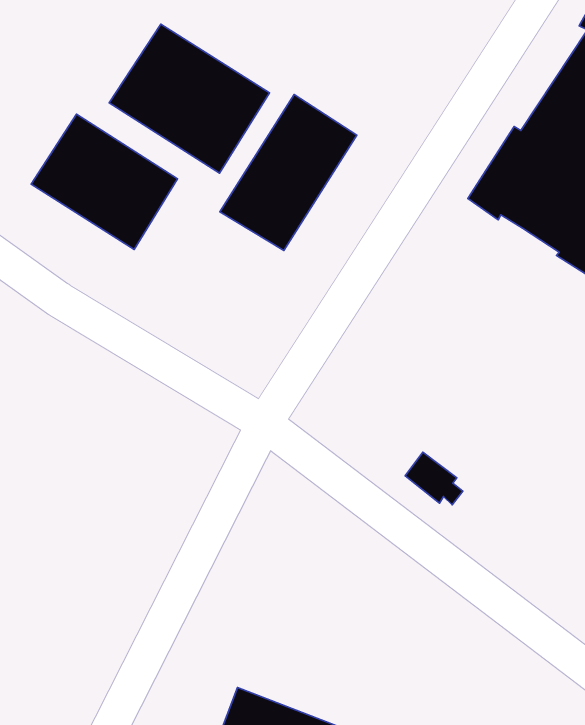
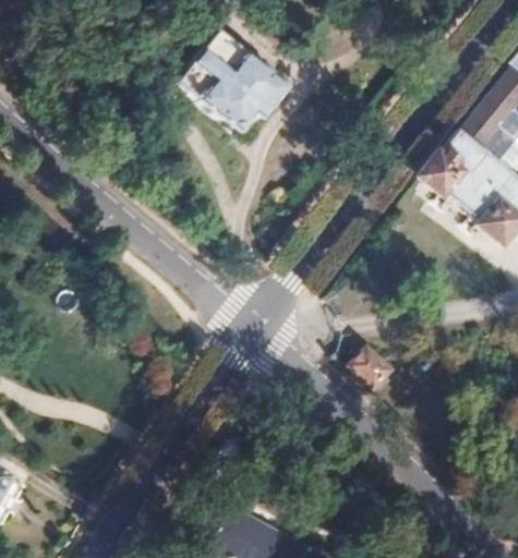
building: [220,95,357,250] -> none
building: [31,114,178,250] -> none

